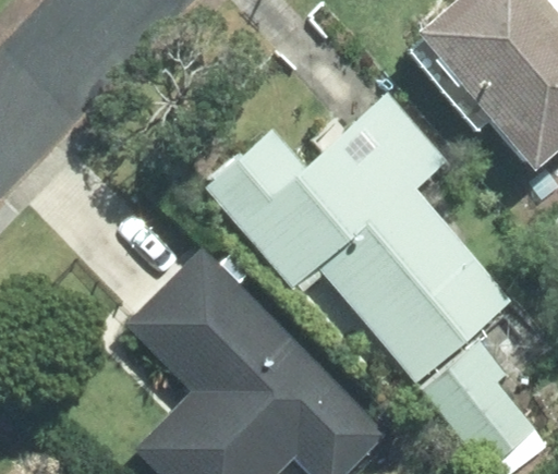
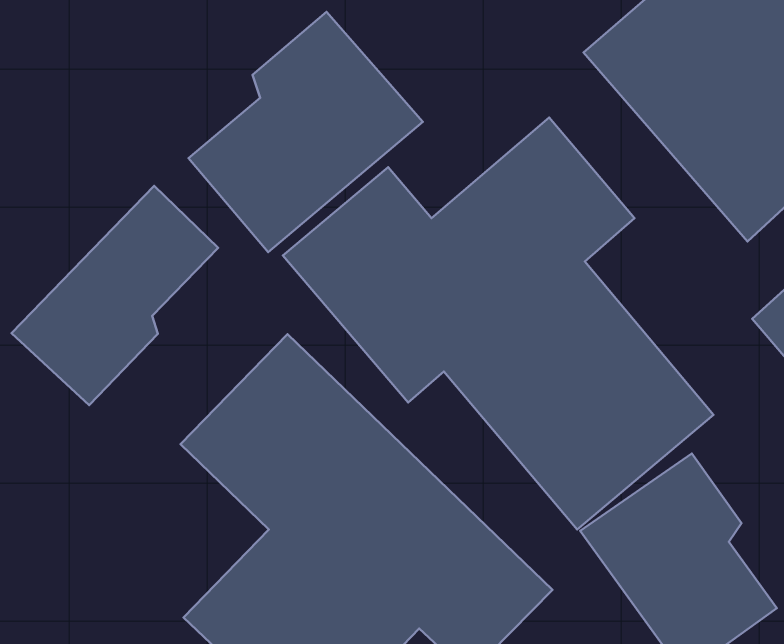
building: none -> [188,12,423,252]
building: none -> [11,186,218,405]

